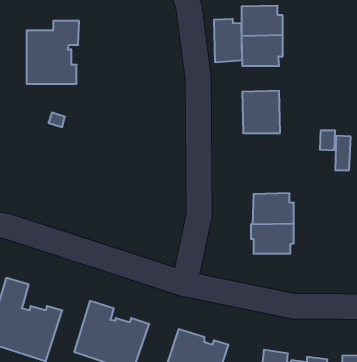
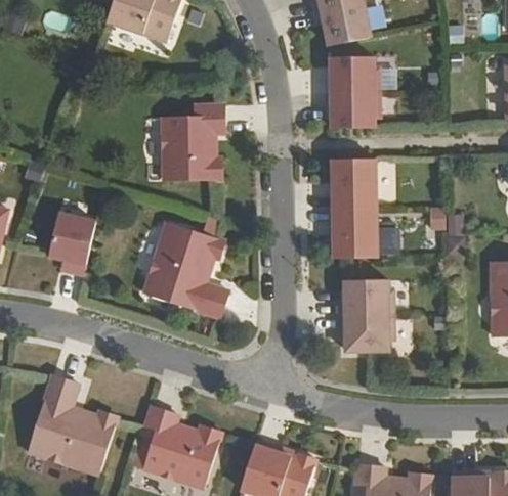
building: [214,19,242,62] -> none
building: [27,21,79,84] -> [163,105,225,180]
building: none -> [333,207,378,258]
building: none -> [49,212,95,273]
building: none -> [142,222,229,320]

